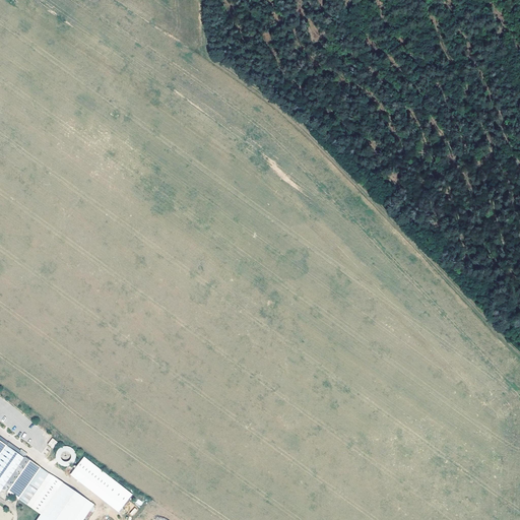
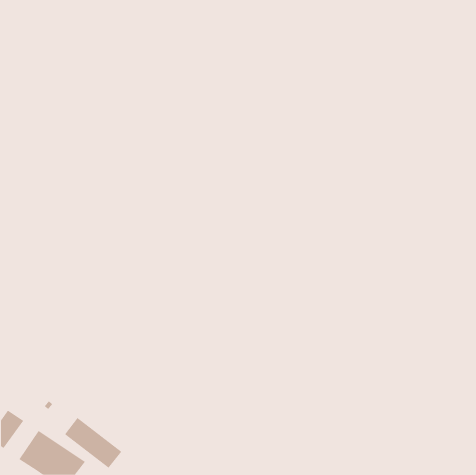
building: [4,458,42,501] -> none

